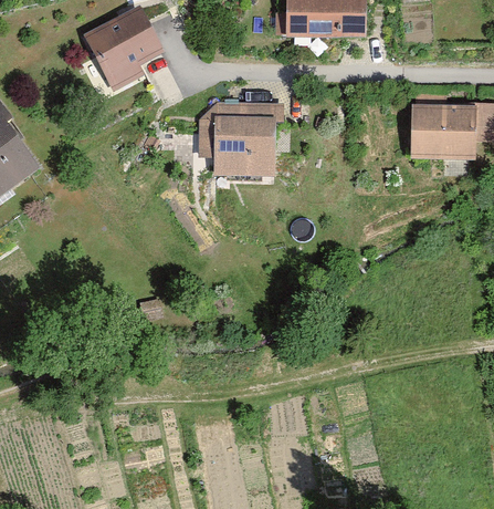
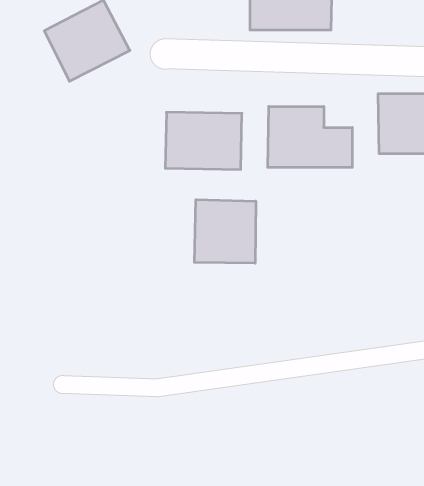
building: none -> [268,106,352,167]
building: none -> [194,200,256,263]

